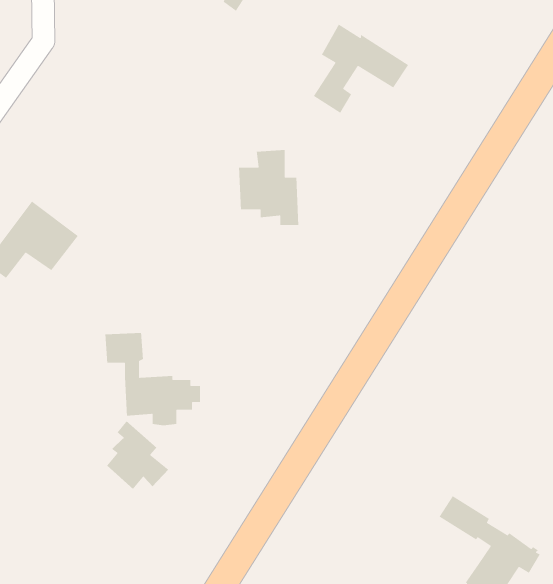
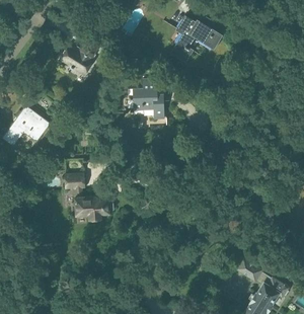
building: none -> [61,42,99,76]
building: [106,420,169,490] -> none

